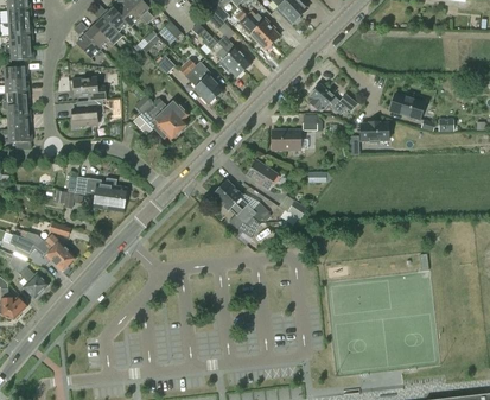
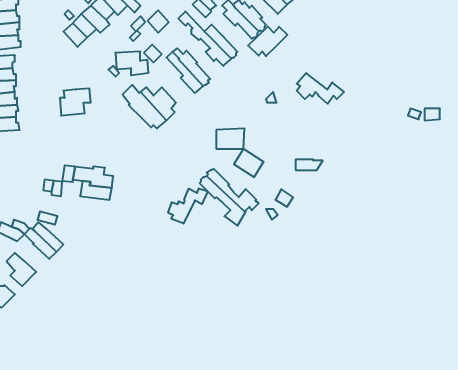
building: none -> [248,26,287,56]
building: [72,77,106,101] -> [115,52,149,75]
building: [389,94,425,120] -> none
building: [359,122,390,142] -> none
building: [272,129,300,150] -> [216,129,245,149]
building: none -> [168,188,208,224]

